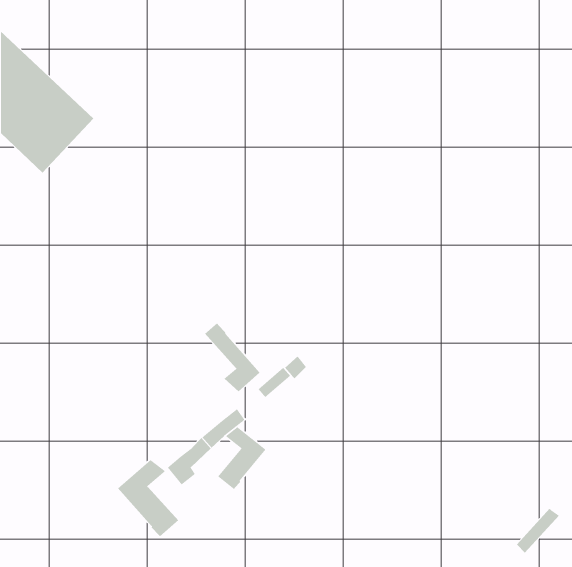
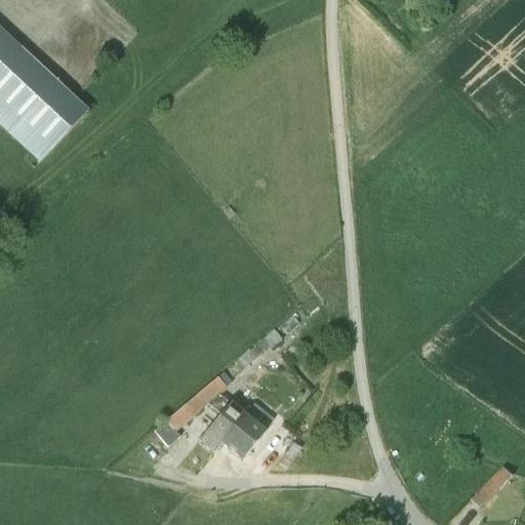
building: [204,323,261,392] -> none
building: none -> [220,400,274,457]
building: [117,459,179,537] -> none

